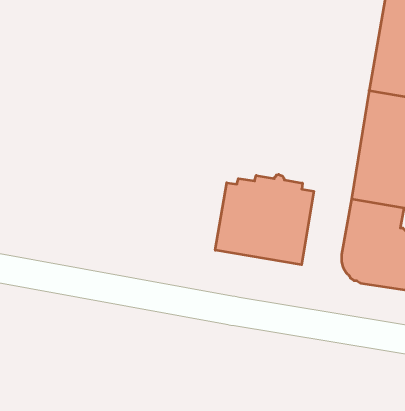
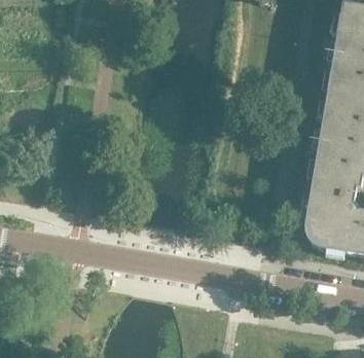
building: [215,174,314,265] -> none

